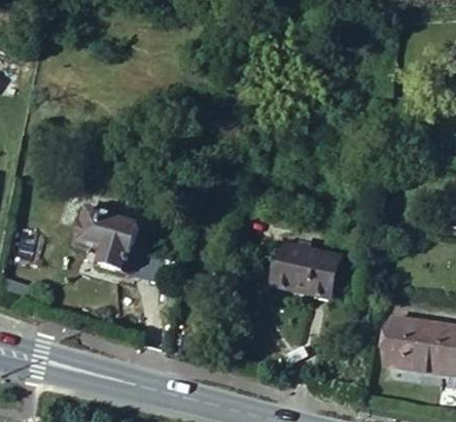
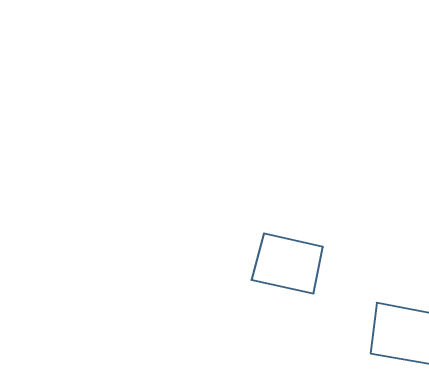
building: [75,205,138,274] -> none

